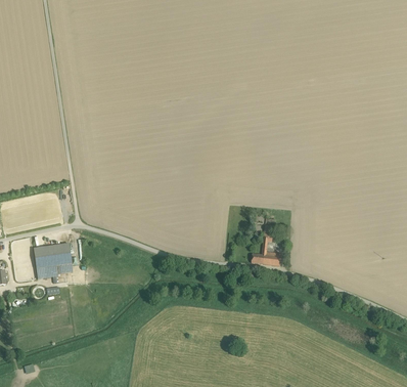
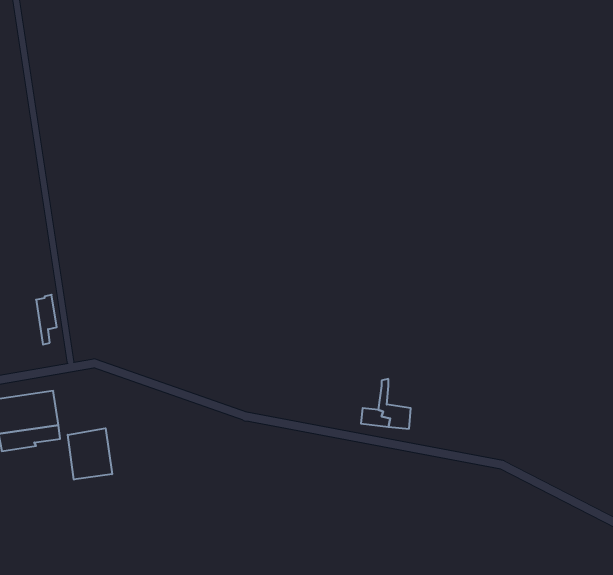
building: none -> [68,428,112,480]

